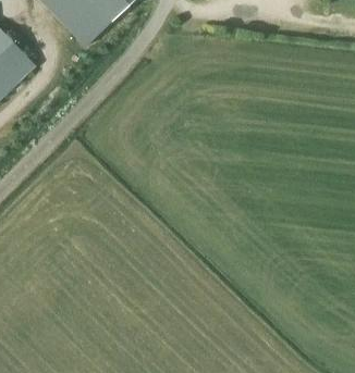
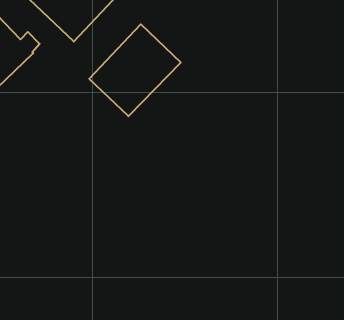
building: none -> [89,24,181,116]

